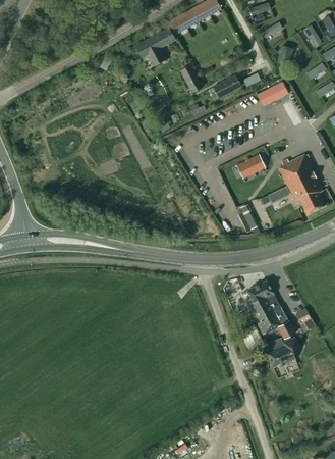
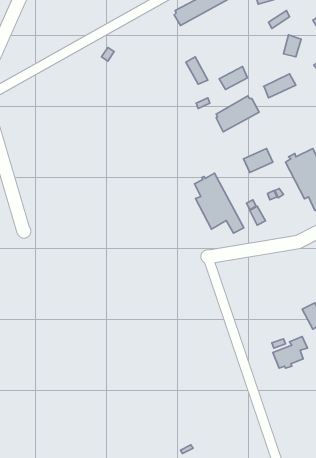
building: [135,30,176,66] -> none
building: none -> [216,96,259,132]
building: [246,280,294,339] -> [195,173,244,233]

